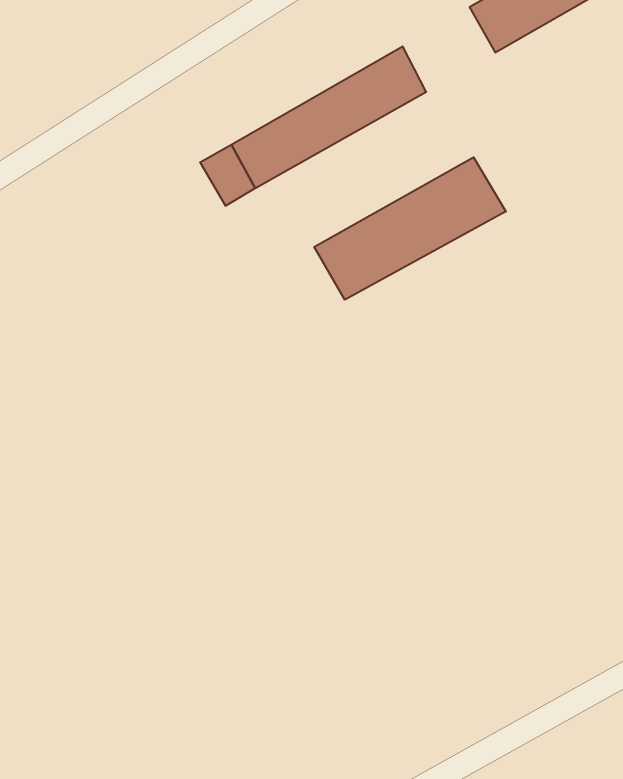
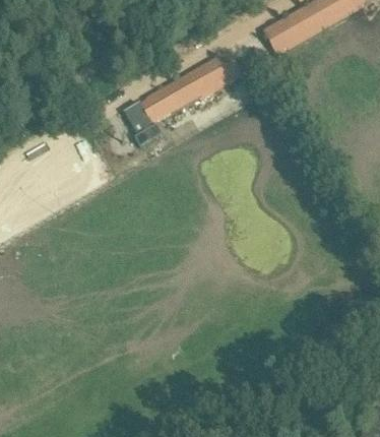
building: [314,157,506,300] -> none

